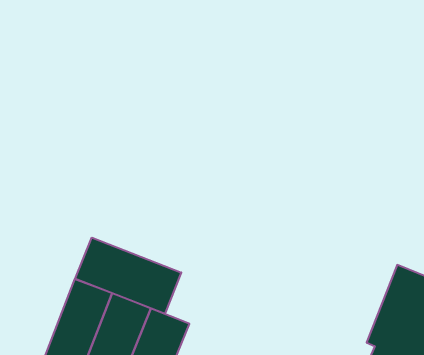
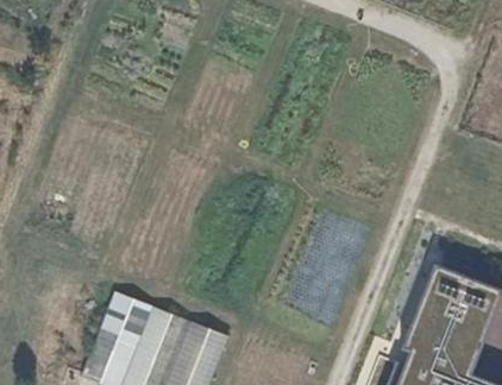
building: [75,238,181,314] -> none

